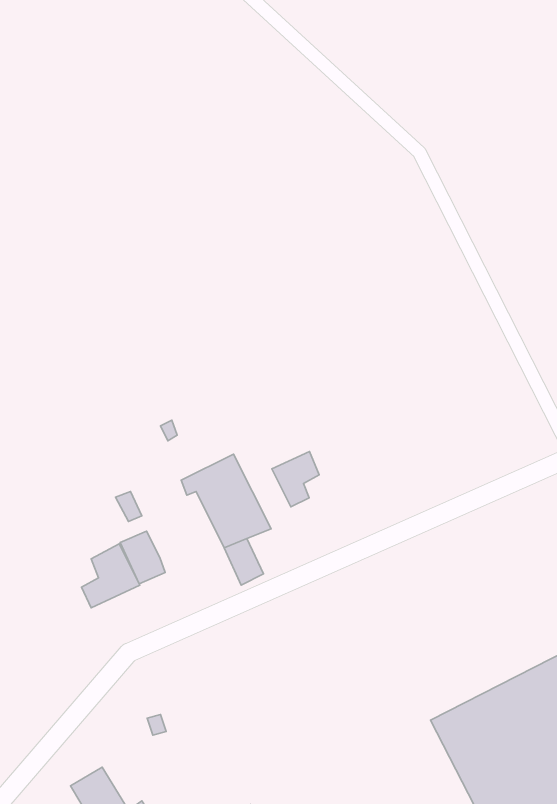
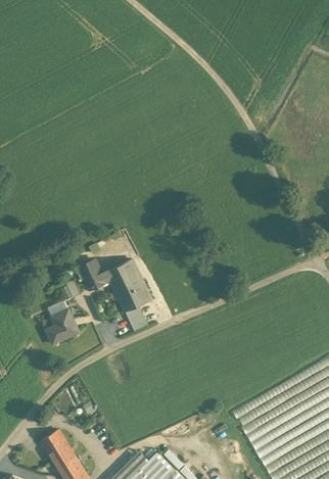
building: [272,451,319,507] -> none
building: [120,531,165,584] -> [80,261,104,290]

